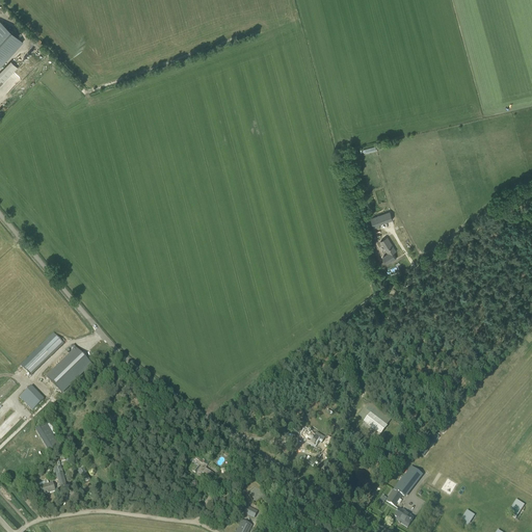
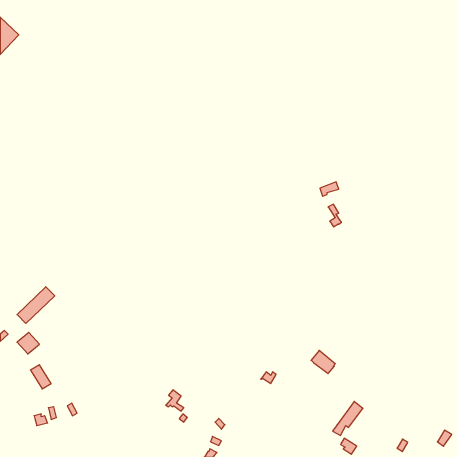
building: [48,344,94,392] -> none

